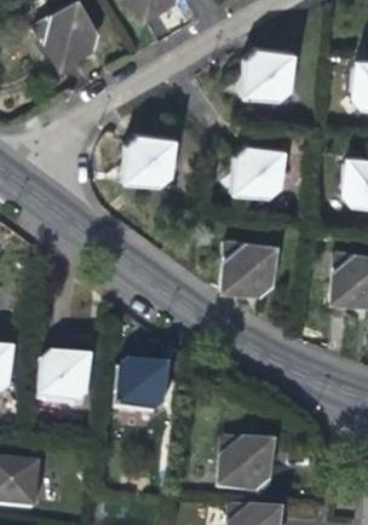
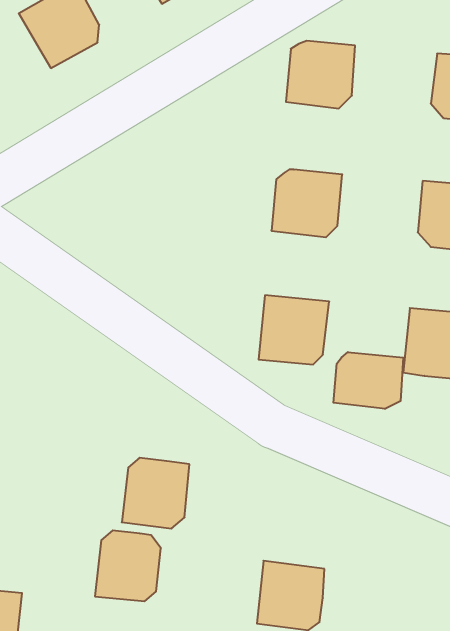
building: [119,133,172,184] -> none
building: none -> [333,352,403,409]
building: [38,352,87,405] -> [95,530,161,601]

